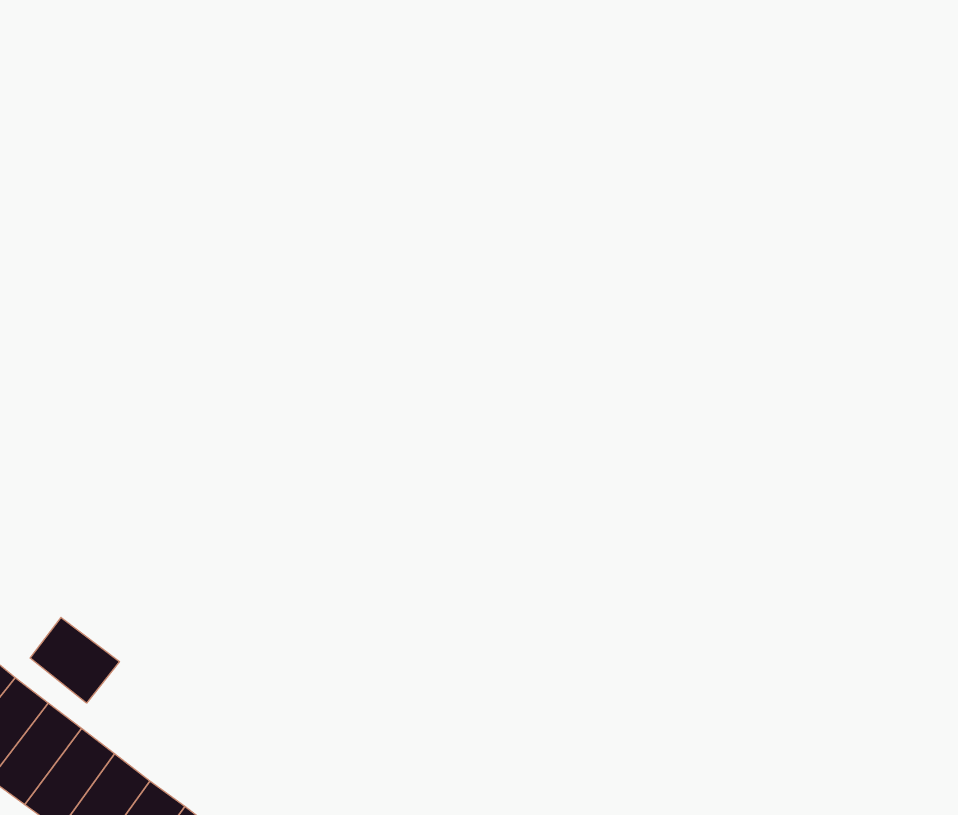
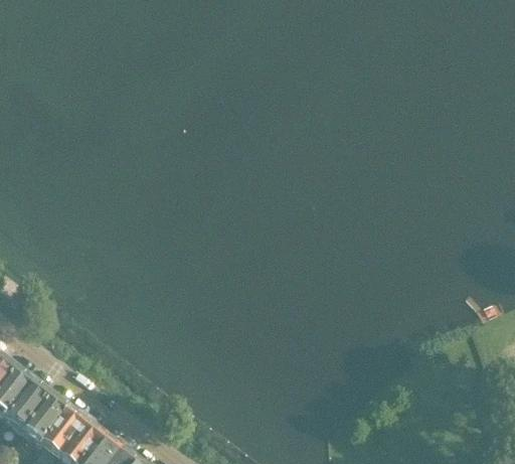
building: [30,617,119,703] -> none

